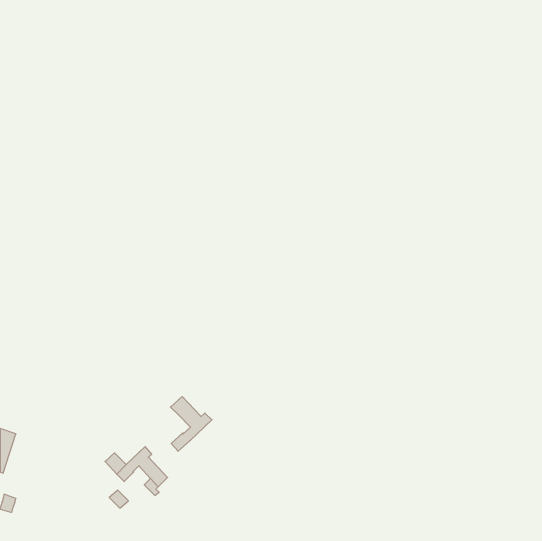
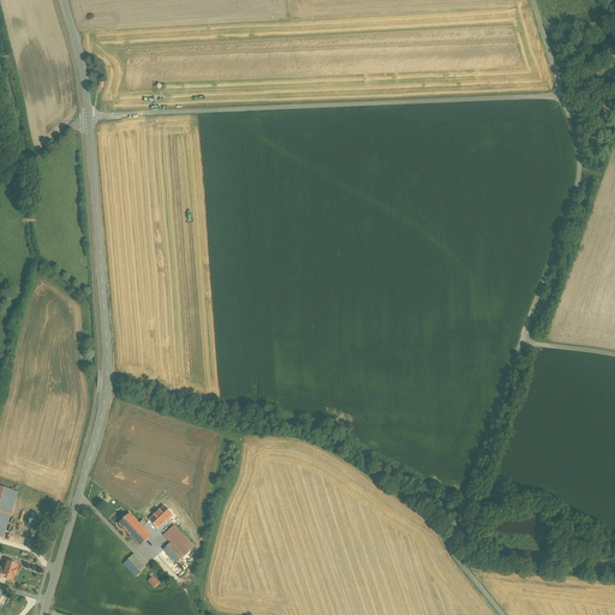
building: [170,397,212,451] -> none

